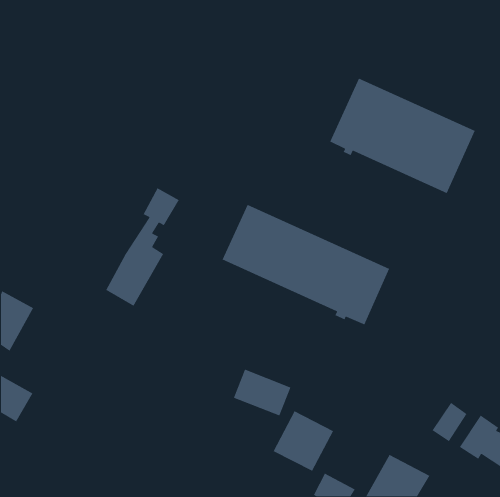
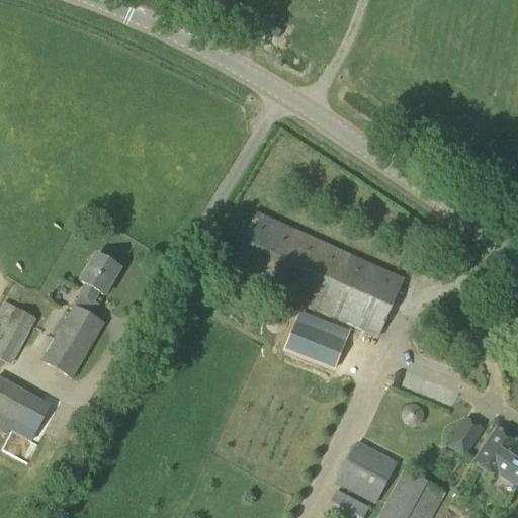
building: [329,78,476,194] -> none
building: [105,187,180,307] -> [42,253,119,376]
building: [233,369,292,417] -> [285,317,346,366]
building: [272,410,334,472] -> [334,439,398,503]

